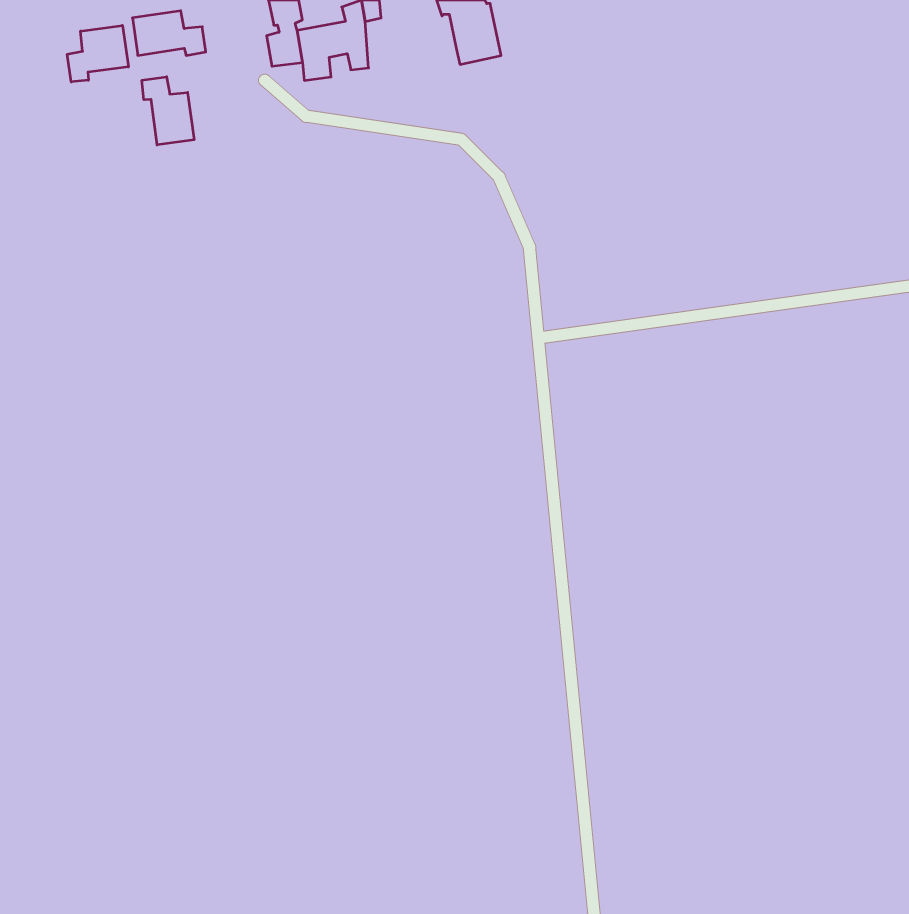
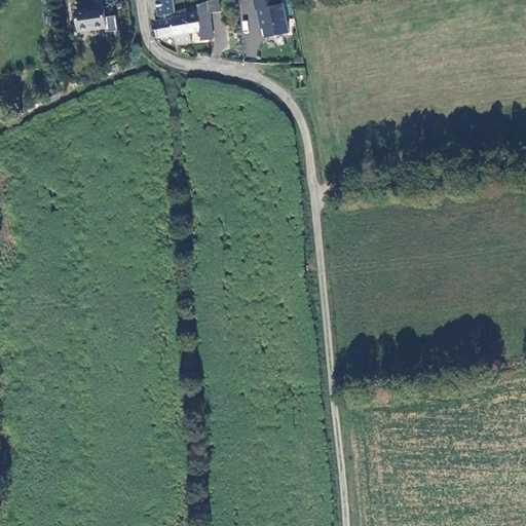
building: [67,25,128,82] -> none
building: [142,77,194,145] -> none

